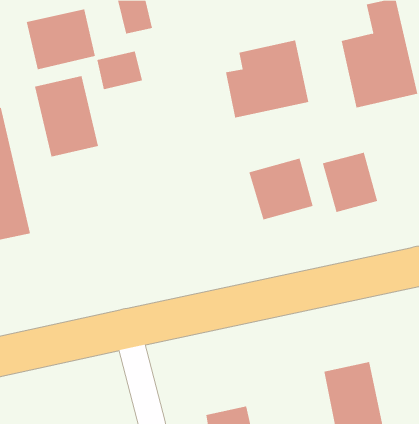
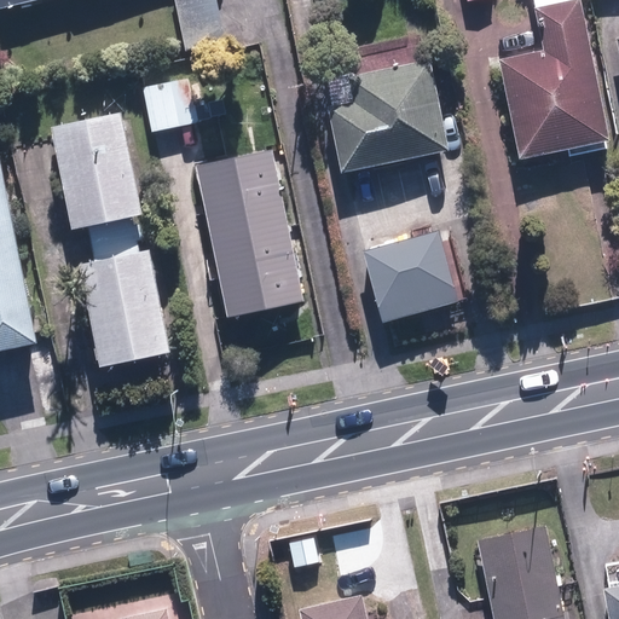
building: [26,9,96,70] -> none
building: none -> [193,149,305,317]
building: [322,152,378,213] -> none
building: none -> [81,248,174,366]

